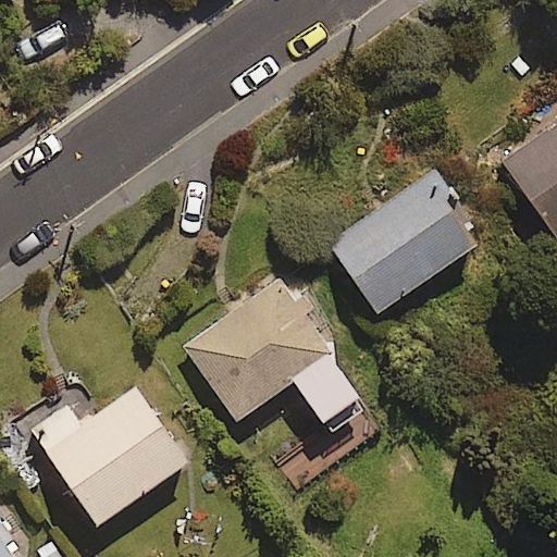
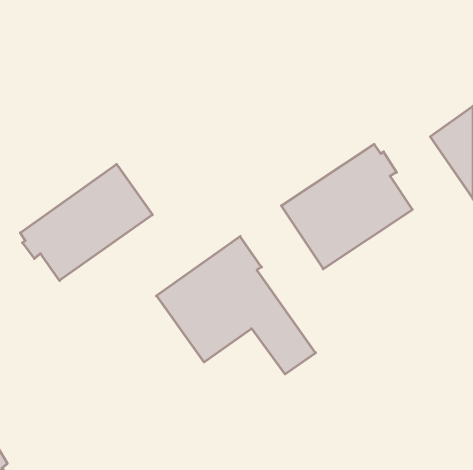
building: none -> [20,164,152,281]
building: [27,385,189,528] -> none

